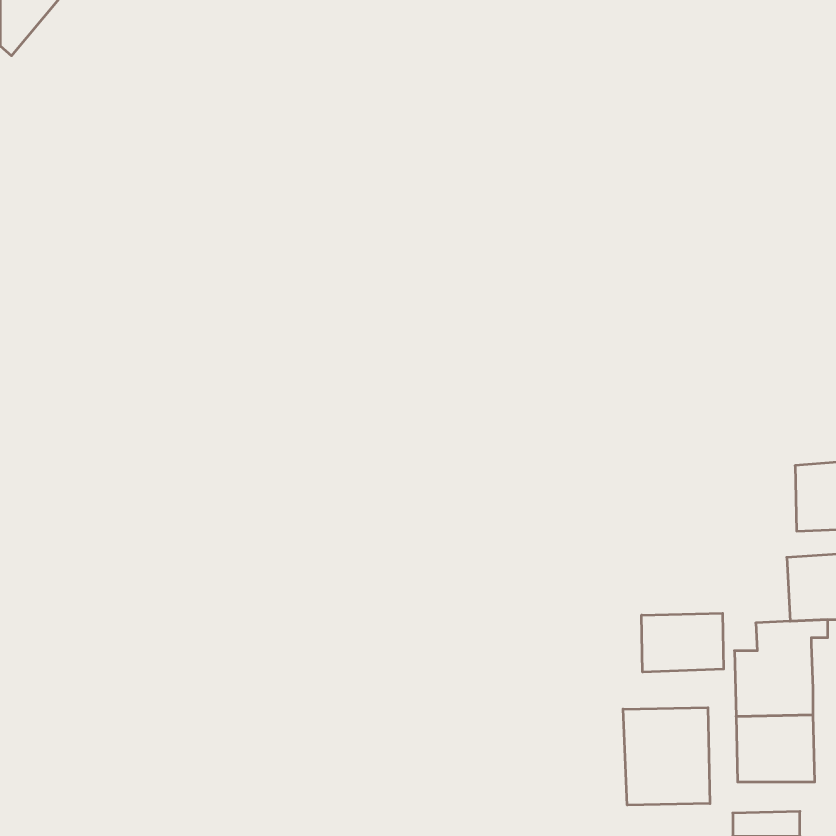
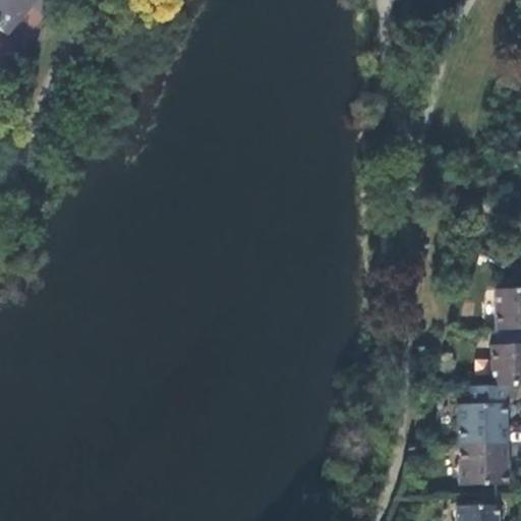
building: [642,613,724,672] -> none
building: [623,708,710,805] -> none

